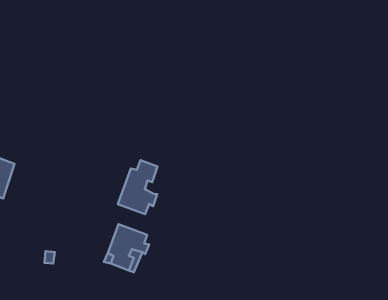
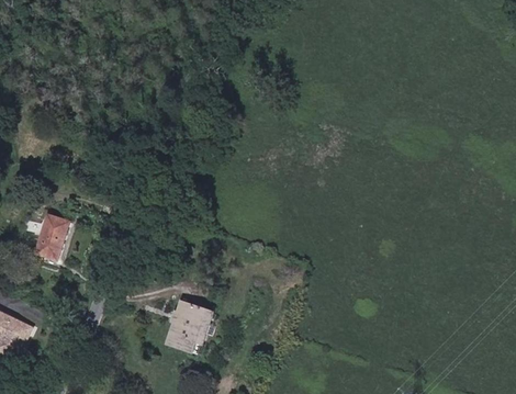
building: [118,160,158,214] -> none

